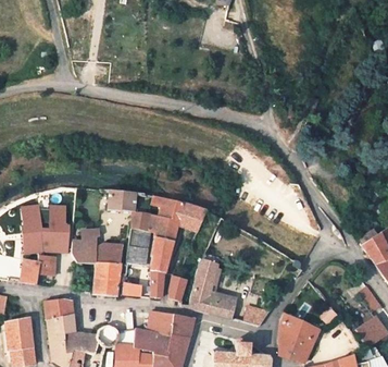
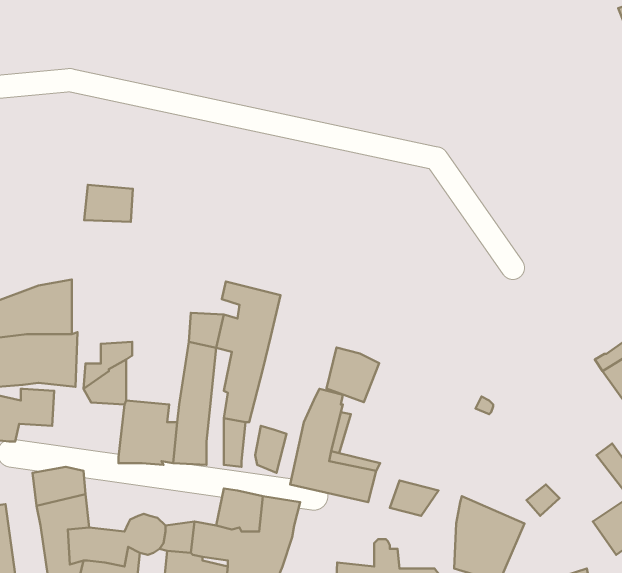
building: [108,189,135,210] -> [84,185,133,222]
building: [177,203,206,233] -> [327,348,379,402]
building: [97,243,123,264] -> none

